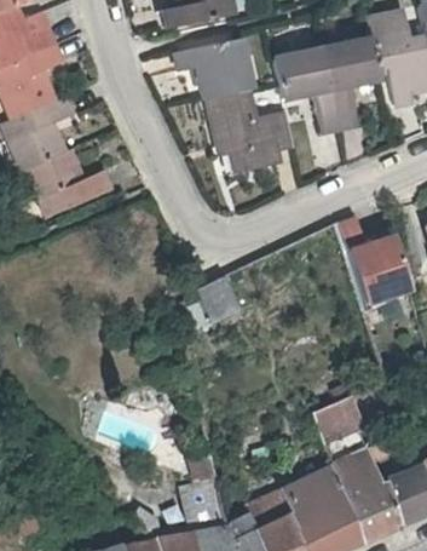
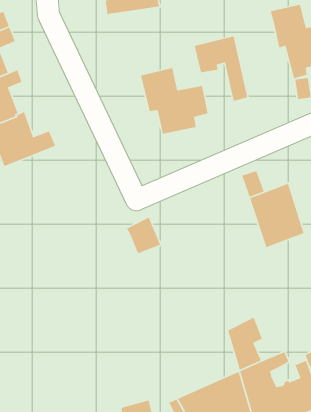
building: [328,42,385,131] -> none
building: [179,44,255,104] -> none

